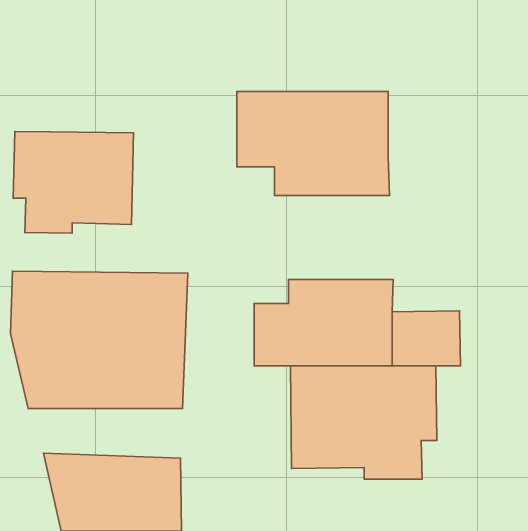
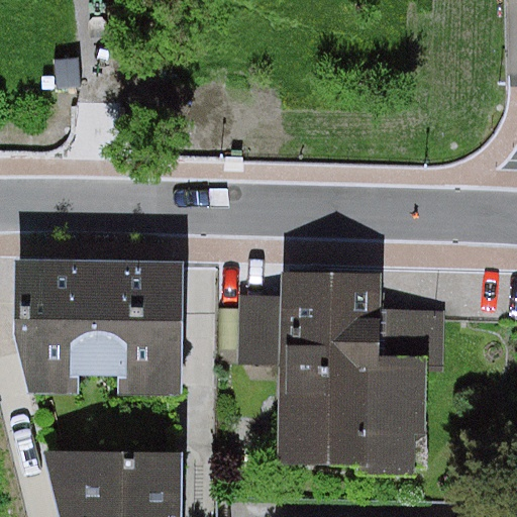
building: [237,91,389,196] -> none
building: [13,131,133,233] -> none

